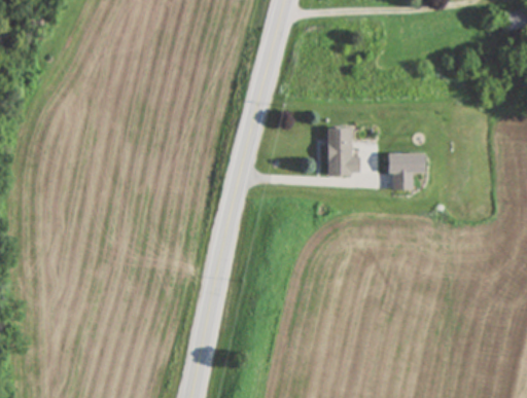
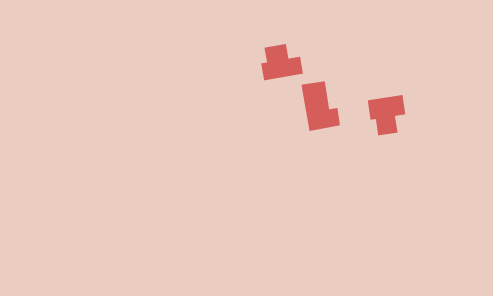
building: none -> [260,43,304,81]

